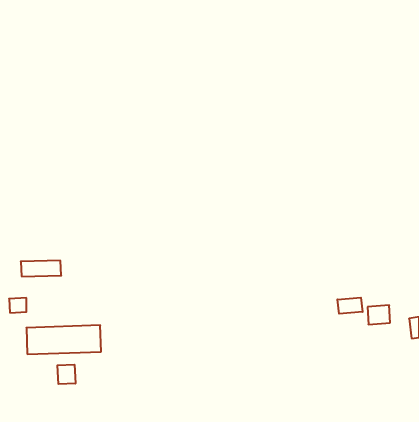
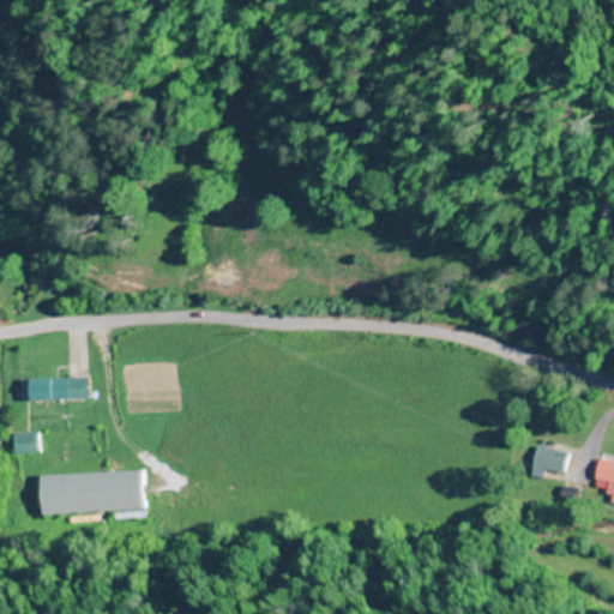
building: [337,298,363,314] -> none
building: [57,365,75,384] -> none

